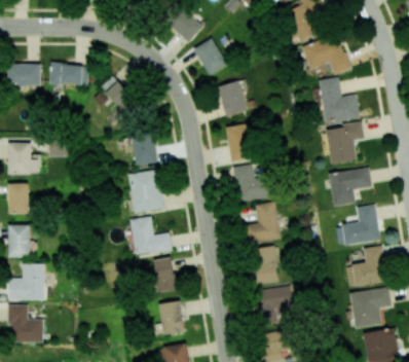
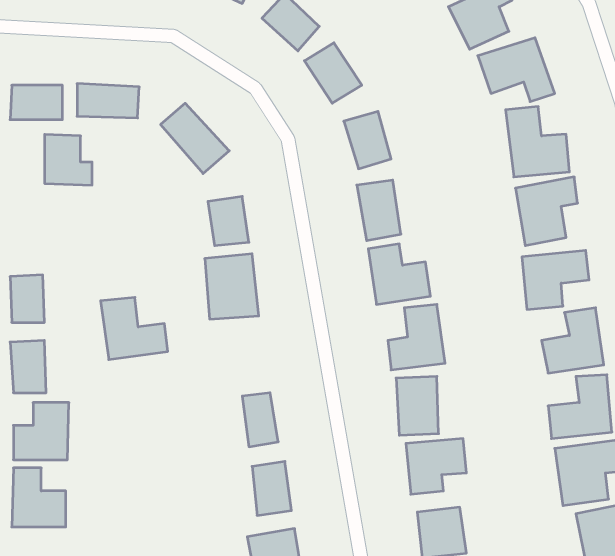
building: [8,142,38,174] -> [45,134,92,185]
building: [129,216,172,255] -> [101,297,168,360]

